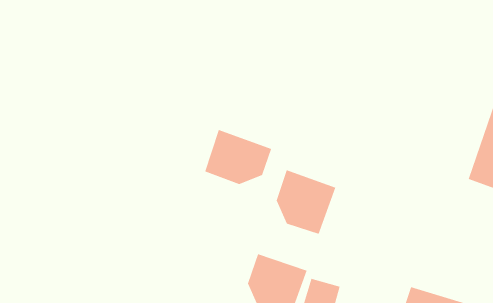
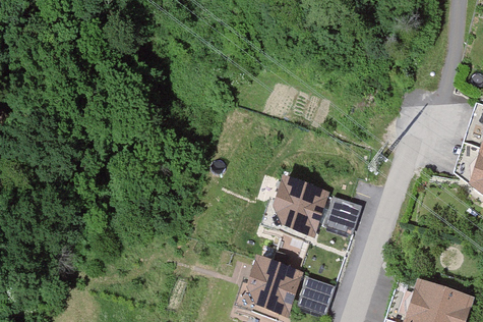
building: [204,129,272,185] -> none
building: none -> [324,197,362,233]

